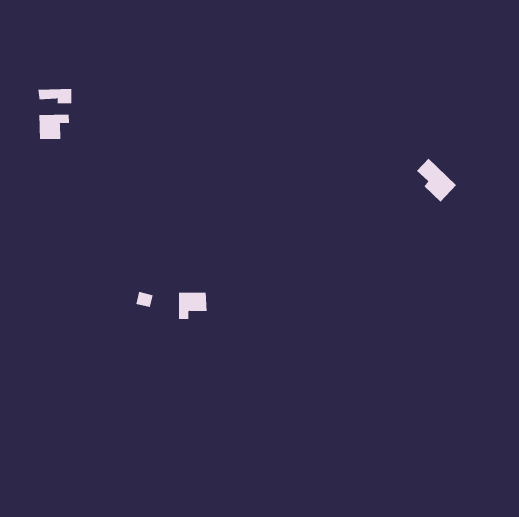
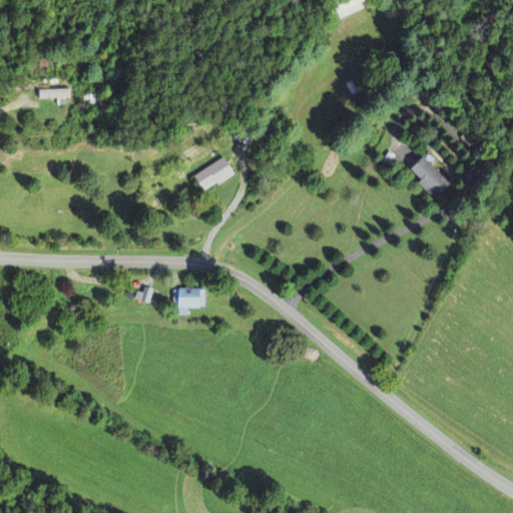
building: [39,114,69,140] -> none
building: none -> [193,156,233,191]

